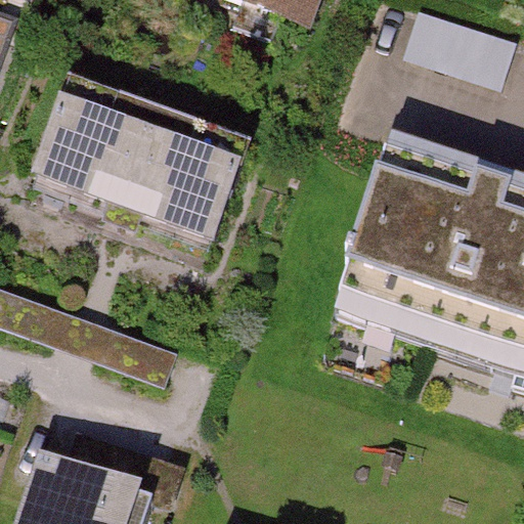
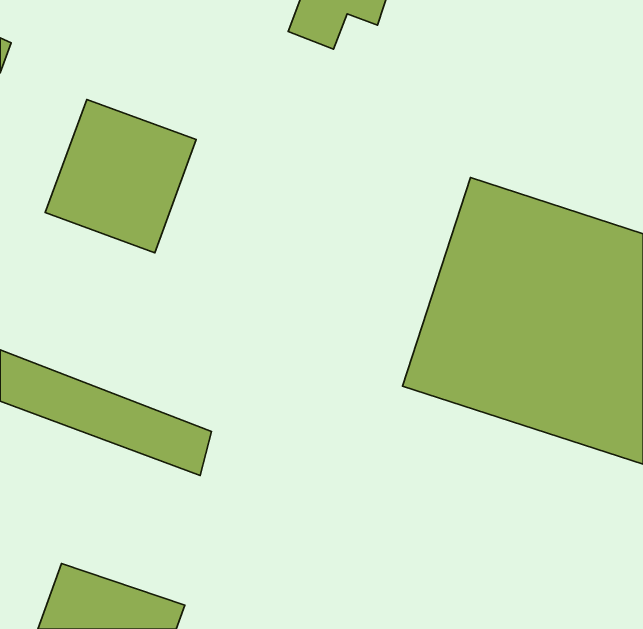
building: [405,13,516,89] -> none
building: [126,114,249,238] -> none

